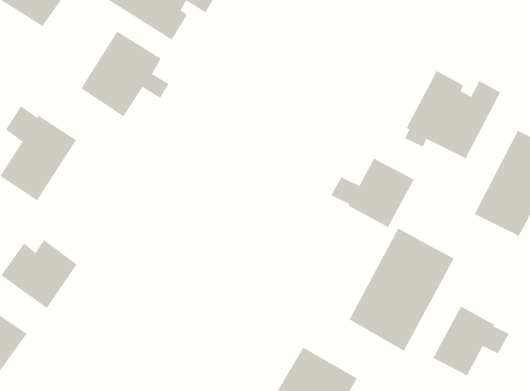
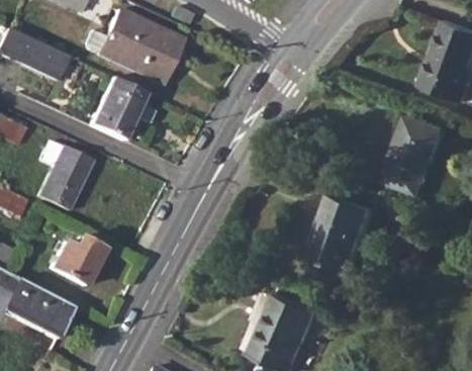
building: [404,70,501,159] -> none
building: [331,158,415,228] -> none
building: [433,306,510,376] -> none

